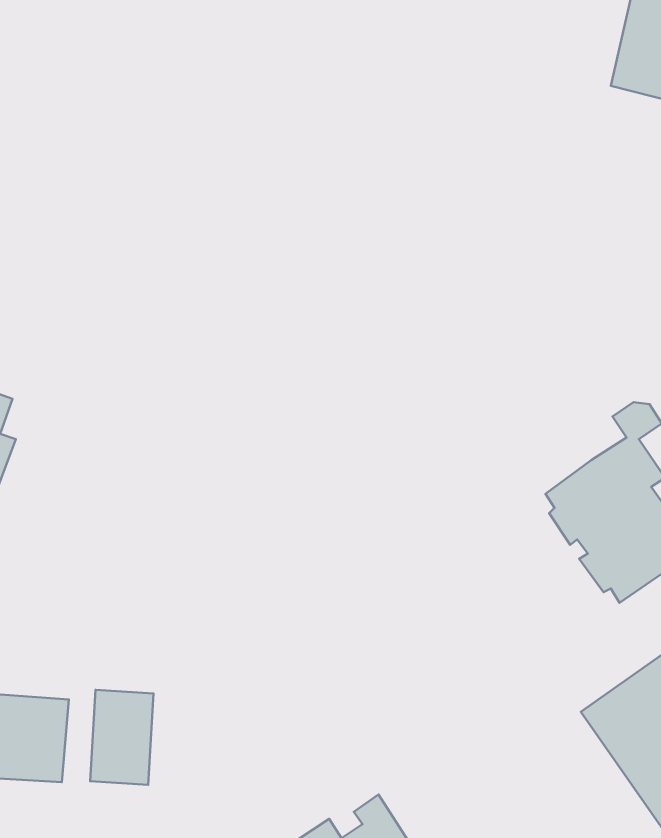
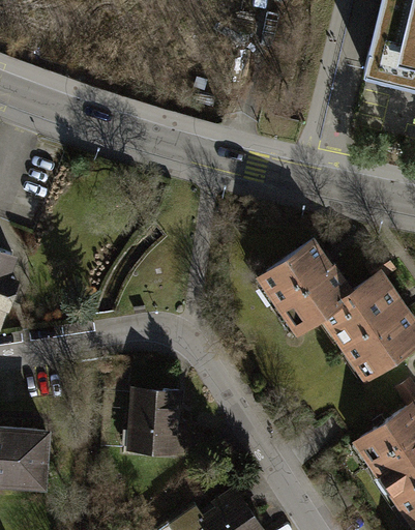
building: none -> [267,242,354,331]
building: [90,690,154,785] -> [137,398,174,453]

